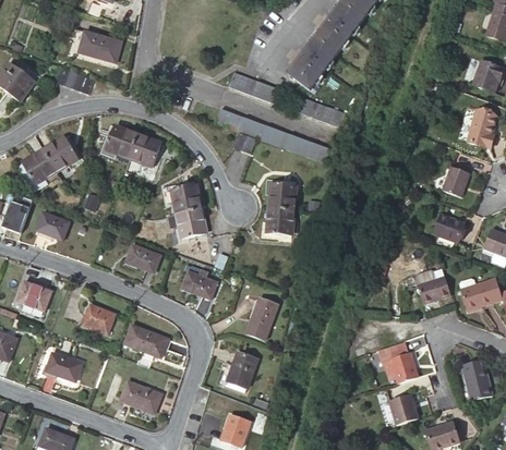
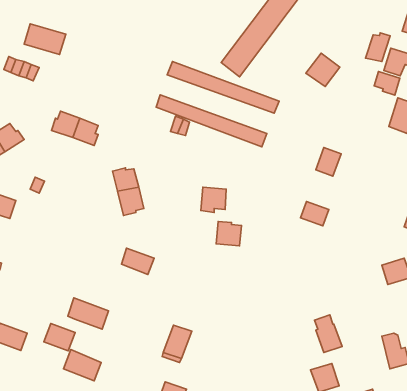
building: none -> [366,33,390,62]
building: none -> [306,53,340,87]
building: none -> [374,71,400,95]
building: [444,168,471,198] -> [316,148,341,176]
building: [269,182,297,208] -> [216,222,241,246]
building: [435,216,466,242] -> [300,202,329,226]
building: [125,245,160,273] -> none
building: [419,278,451,304] -> none
building: [250,299,279,333] -> none
building: [82,305,116,335] -> [44,324,75,351]

